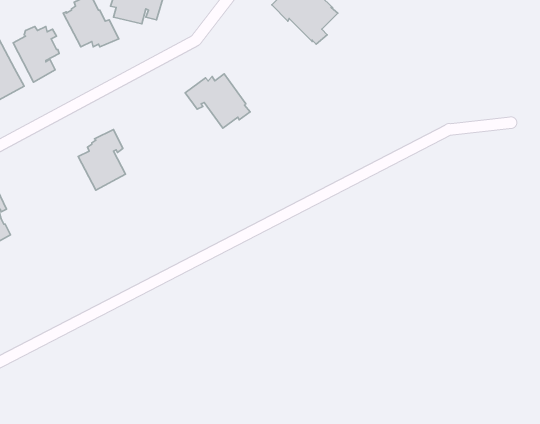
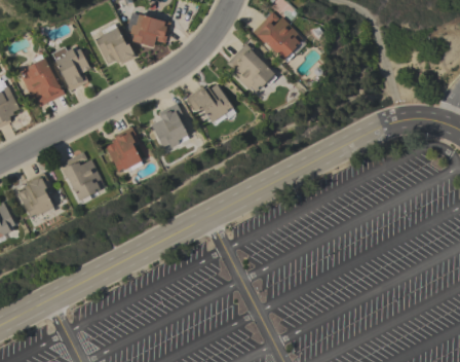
building: none -> [226,43,275,94]
building: none -> [151,103,188,148]
building: none -> [58,152,104,201]

